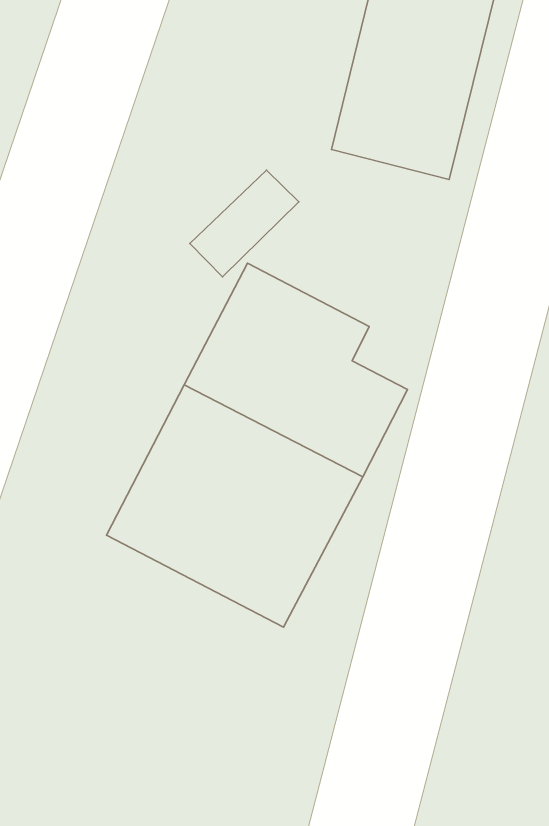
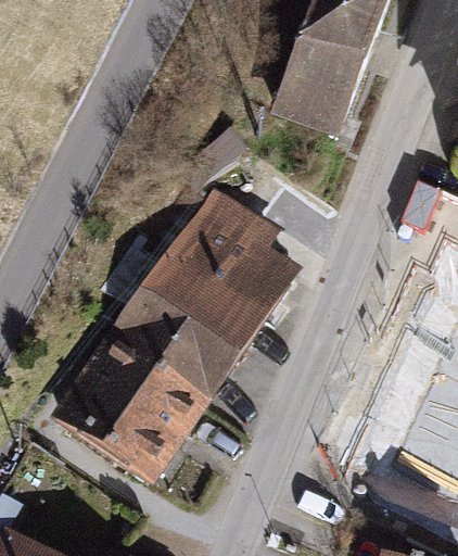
building: none -> [49,334,206,485]

